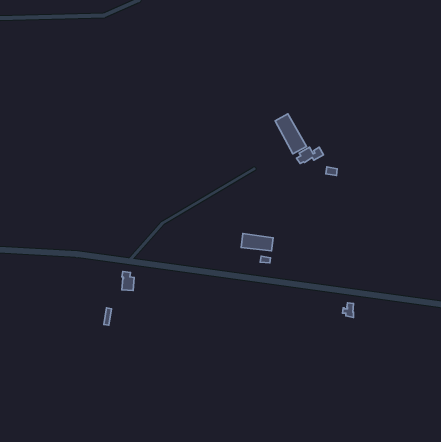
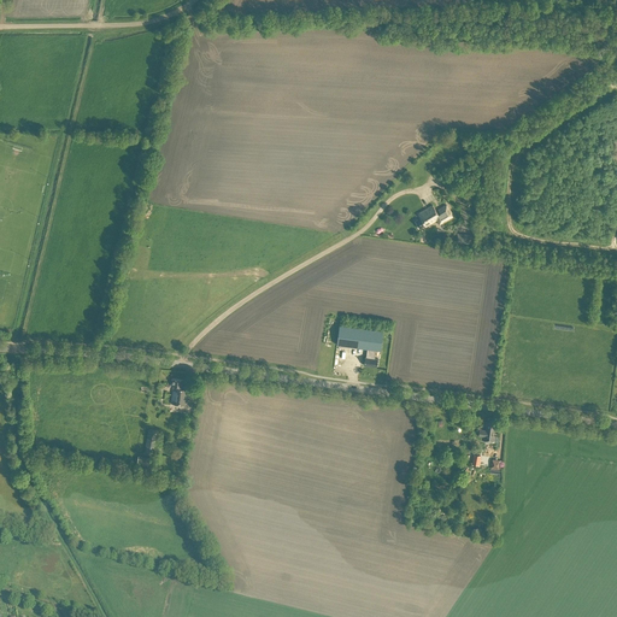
building: [275,114,306,154] -> none

